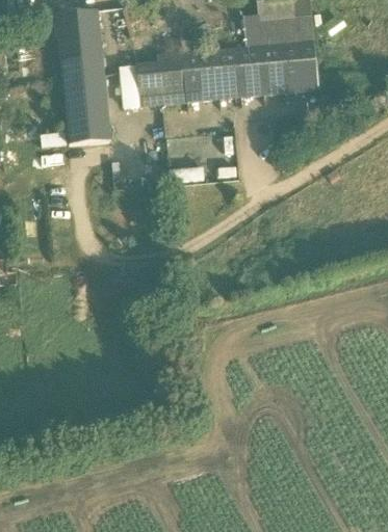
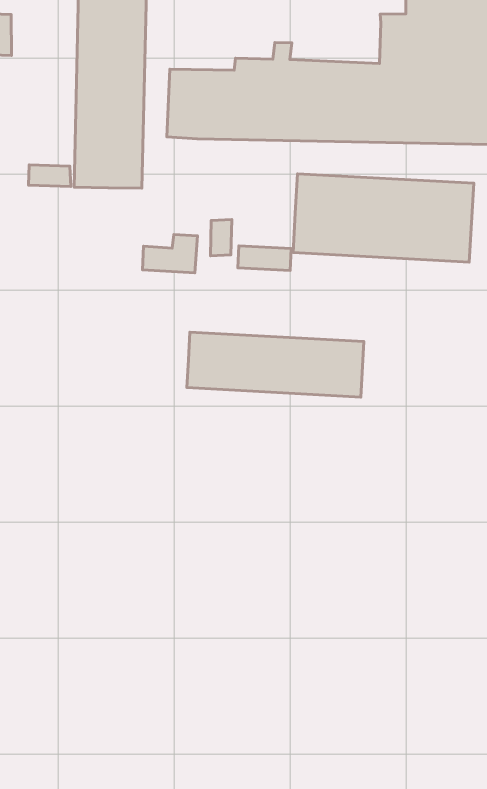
building: none -> [293,174,474,262]
building: none -> [187,332,364,397]

